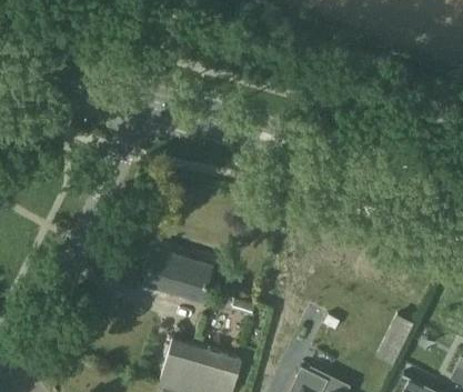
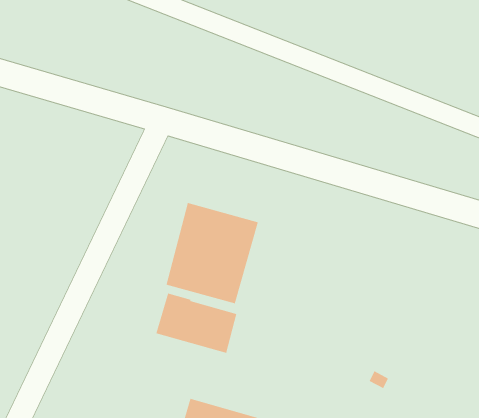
building: none -> [166,202,259,304]

